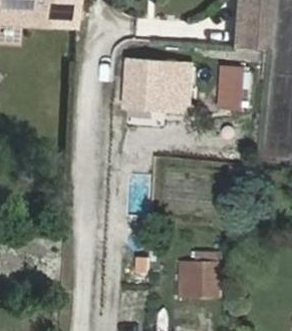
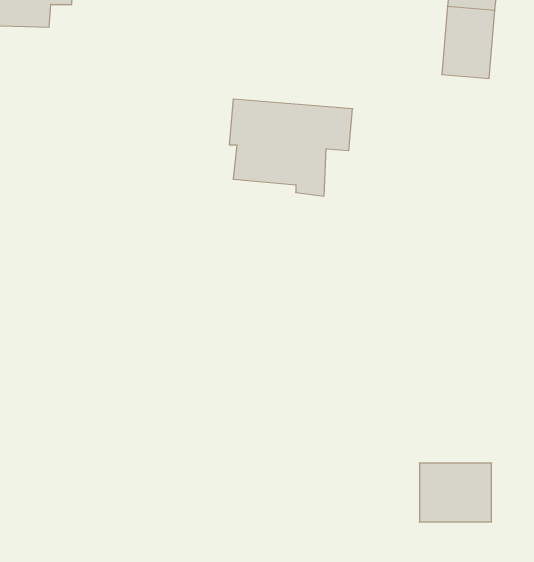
building: [220,67,244,109] -> none
building: [181,264,219,295] -> [419,463,492,522]

